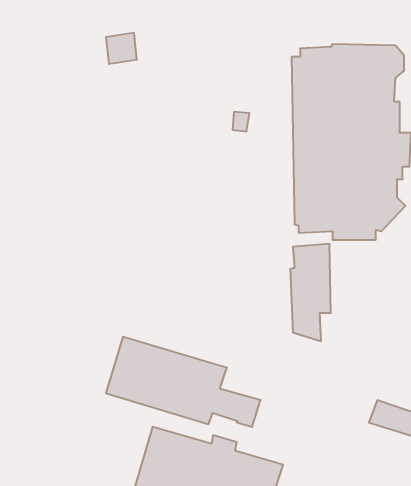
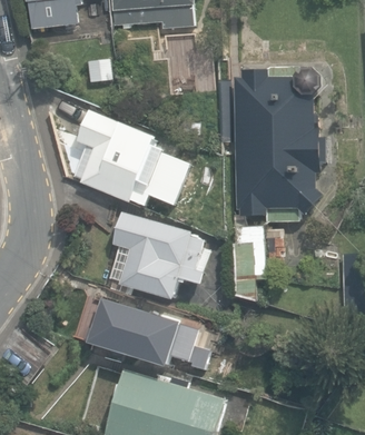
building: none -> [71,111,177,206]
building: none -> [108,212,204,300]

